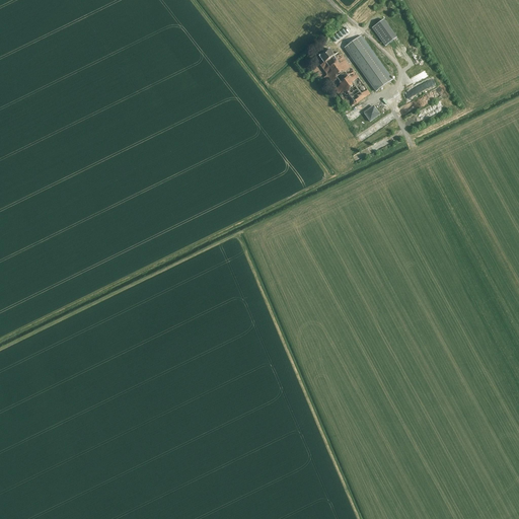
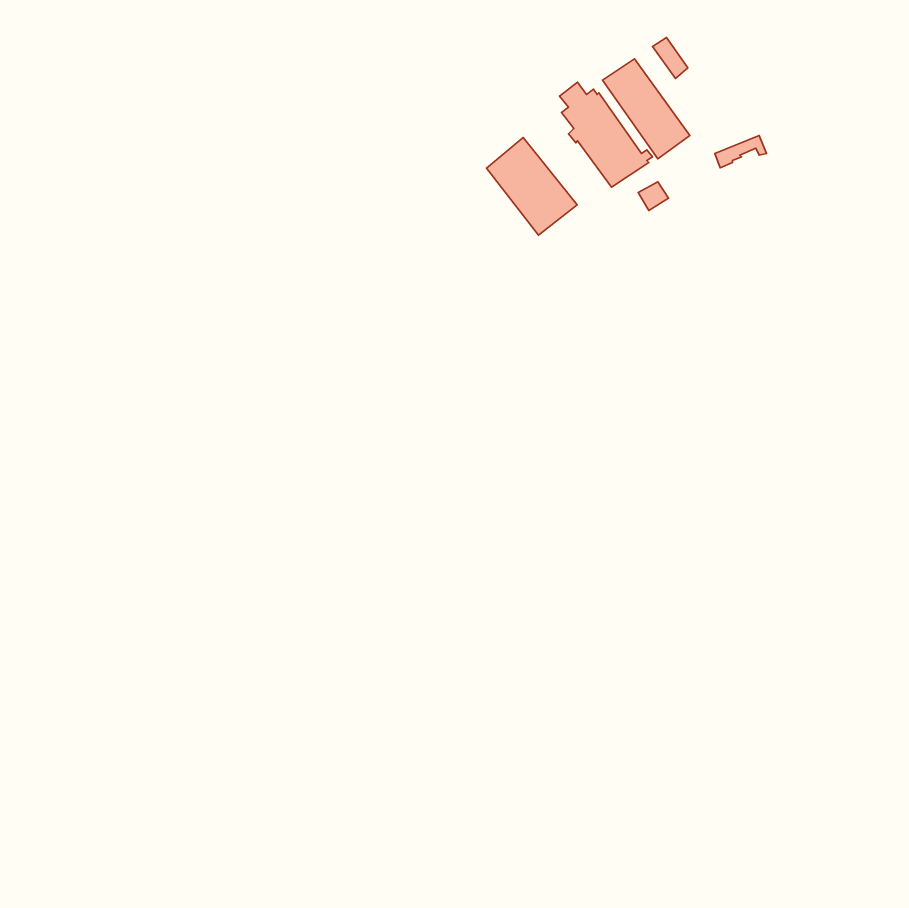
building: none -> [487,137,577,235]

